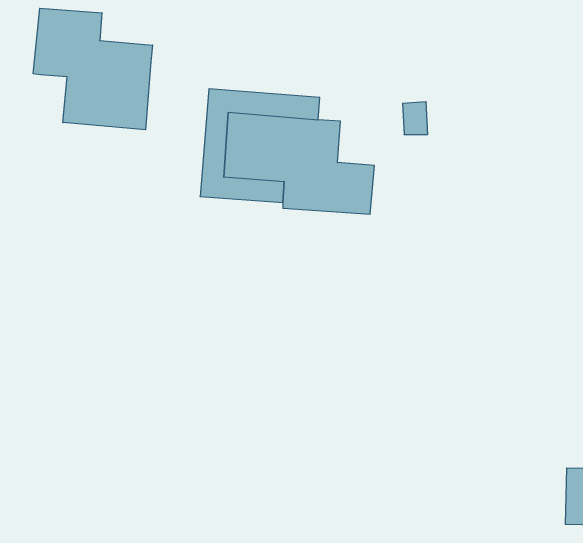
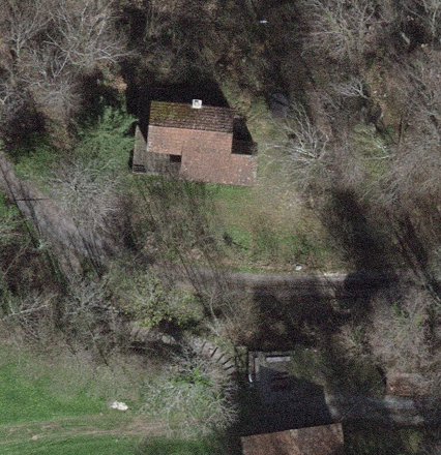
building: [33,8,152,130] -> none

